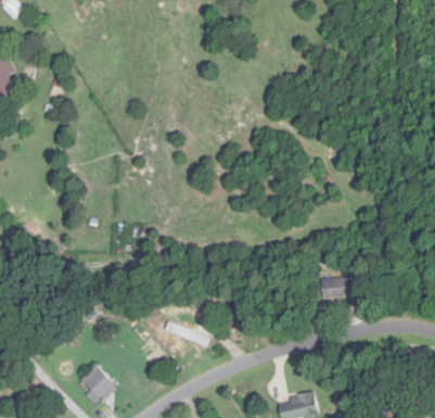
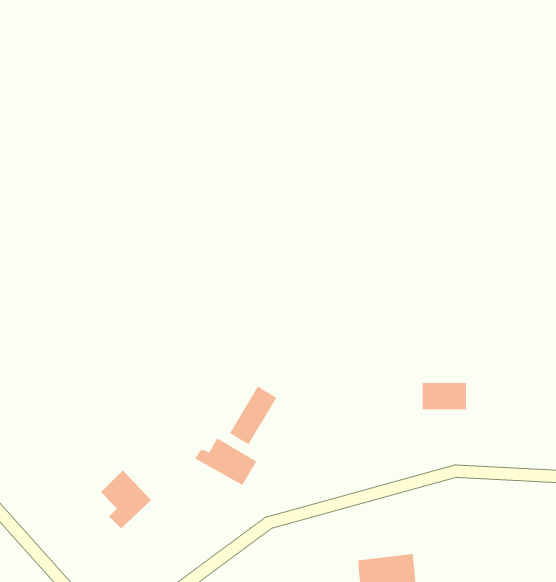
building: none -> [229,386,277,445]
building: [80,365,115,405] -> [100,470,152,529]

